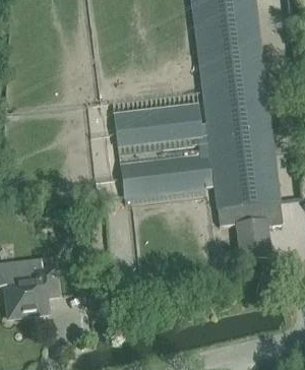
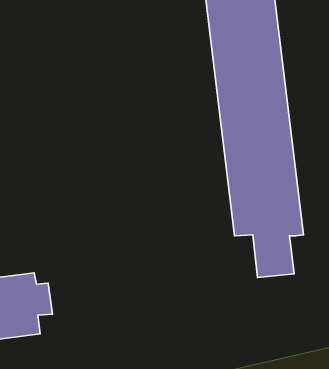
building: [114,104,201,146] -> none
building: [121,153,211,197] -> none

